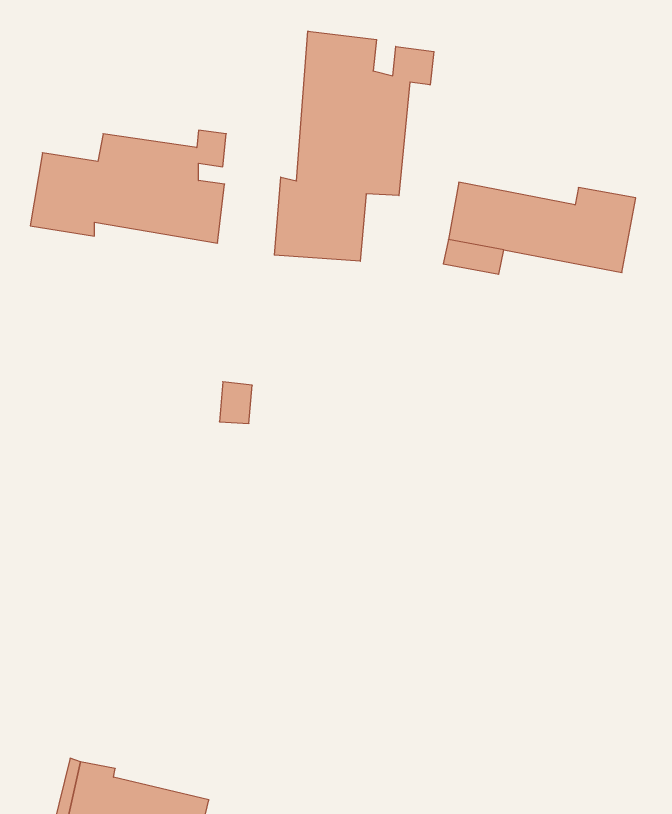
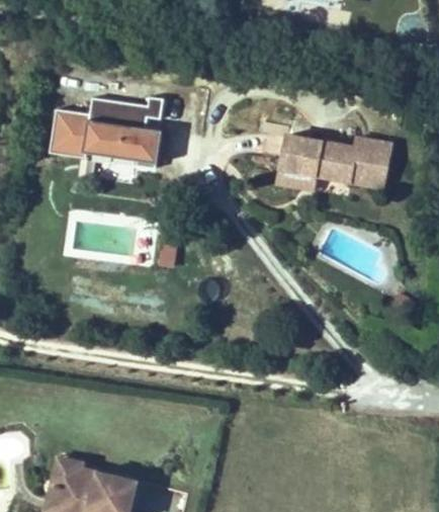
building: [274,31,434,261] -> none

